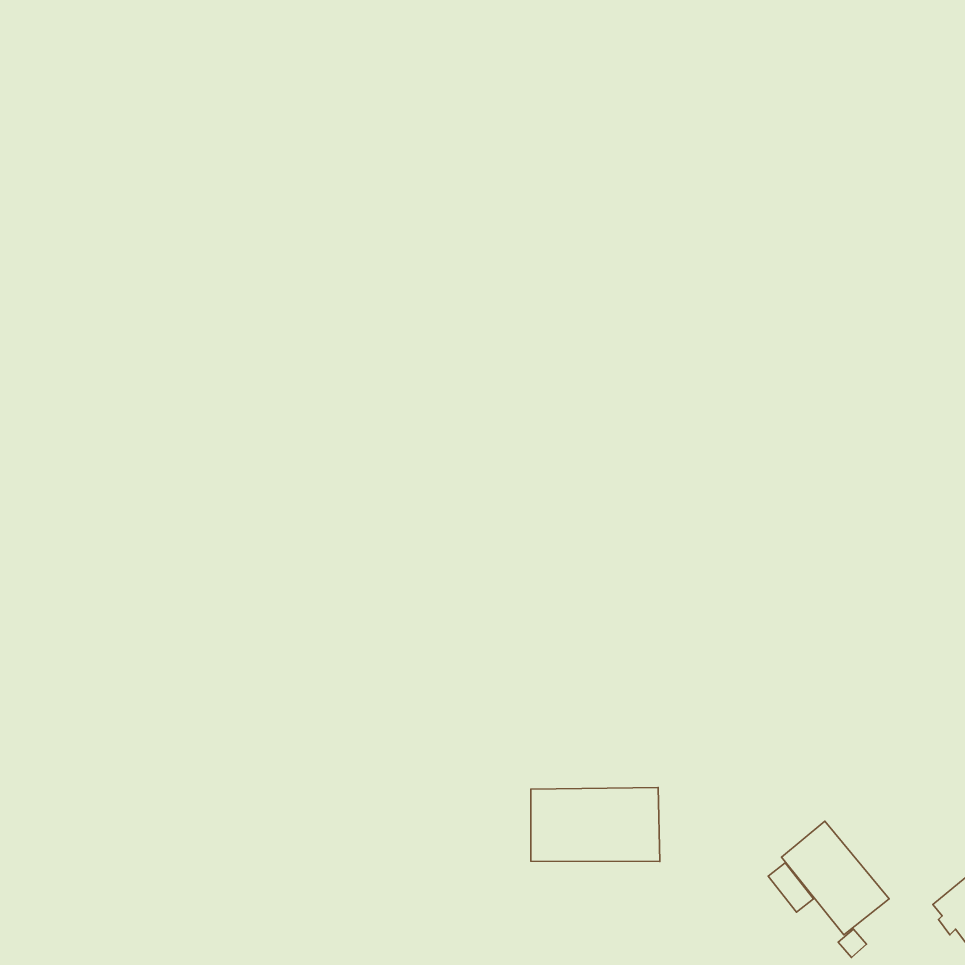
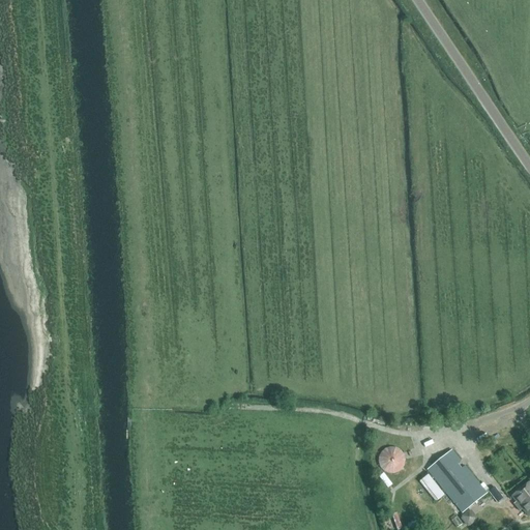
building: [531,788,660,862] -> none
building: none -> [378,446,403,472]

